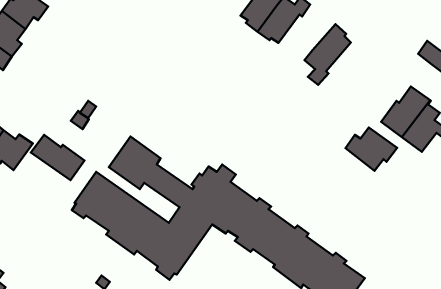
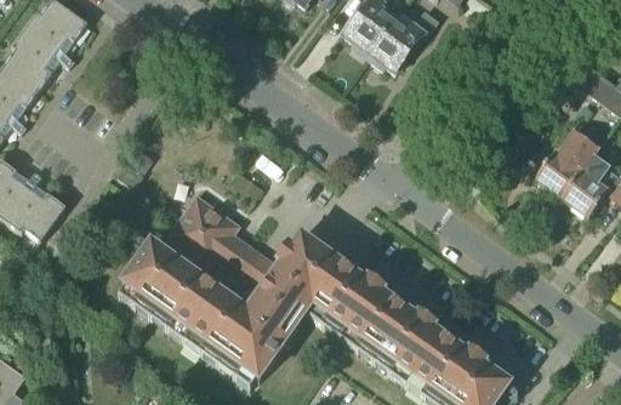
building: [305,24,351,85] -> none
building: [345,127,397,171] -> none
building: [31,135,84,180] -> none

